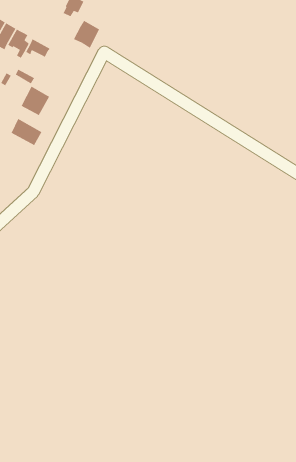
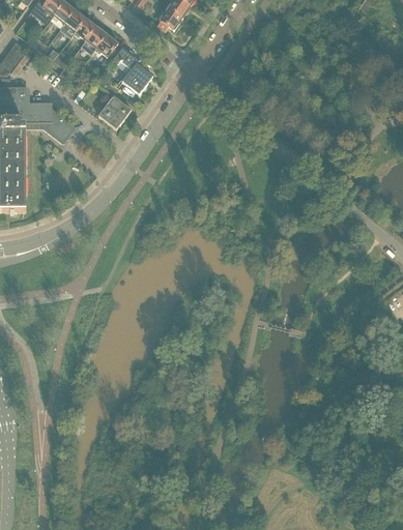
building: [73,20,100,49] -> [122,61,152,92]
building: [10,118,43,146] -> none

